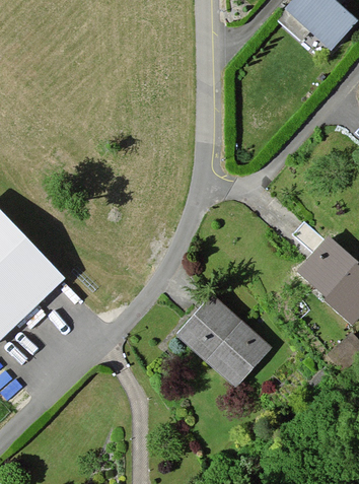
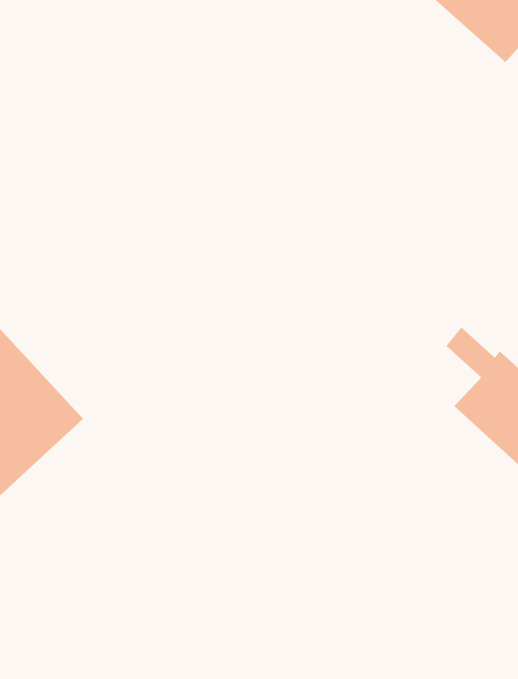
building: [182,297,270,384] -> none

